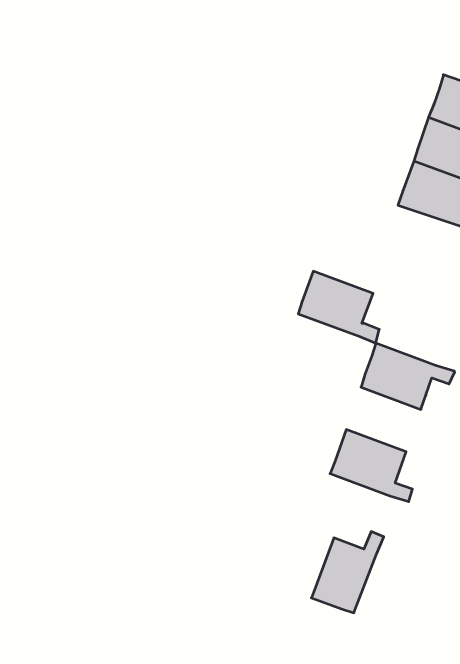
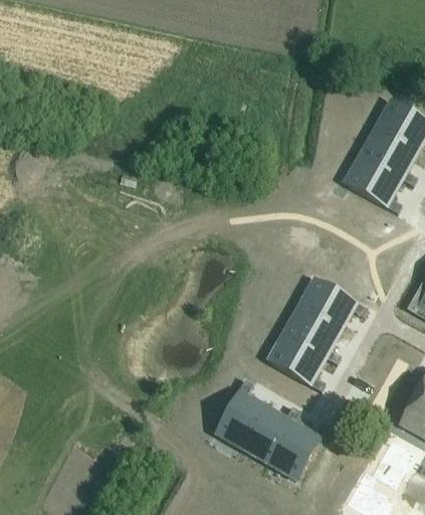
building: [298,271,379,343] -> [286,306,340,362]
building: none -> [215,378,265,444]
building: none -> [270,421,327,475]

